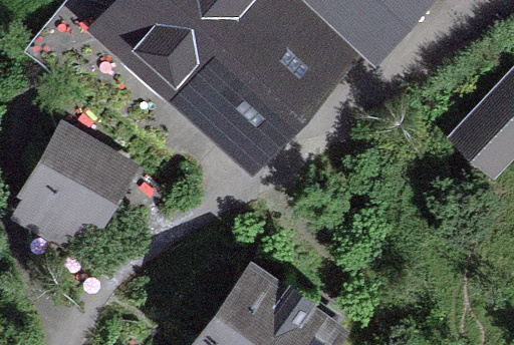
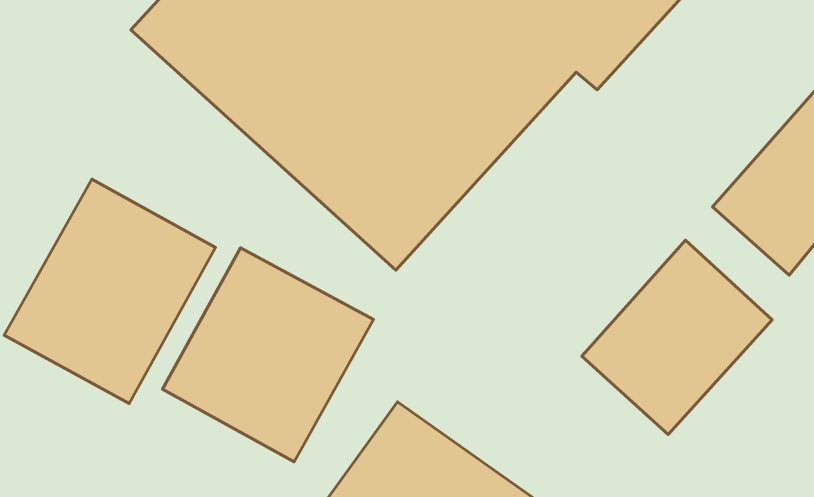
building: none -> [582,240,772,434]
building: none -> [162,248,374,462]

